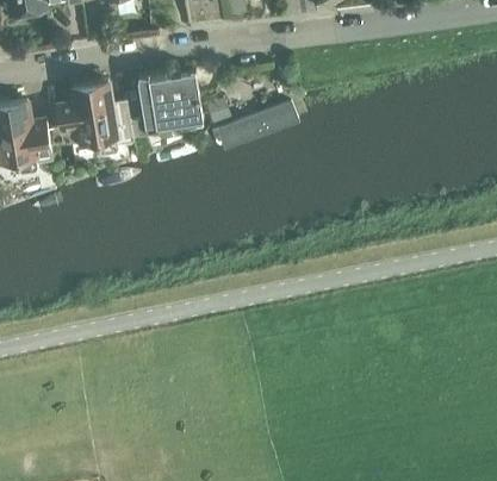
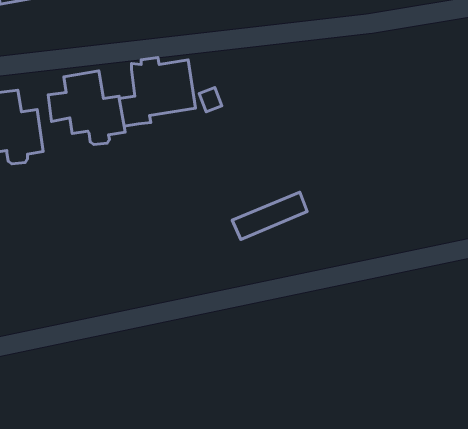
building: [222,99,296,145] -> [232,192,307,239]

